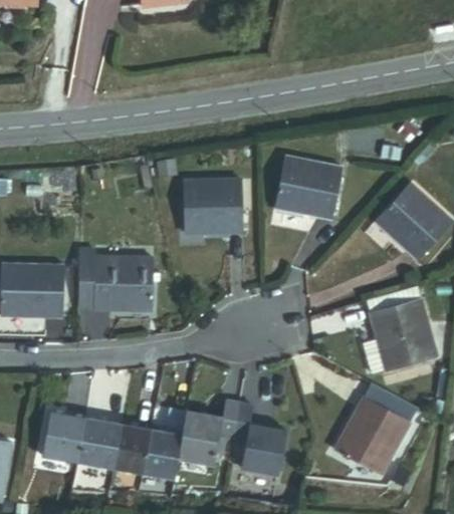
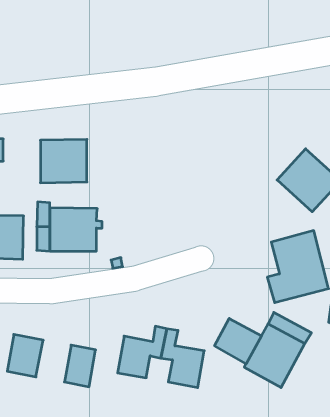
building: [276,157,342,219] -> none
building: [186,180,243,233] -> [40,139,87,183]
building: none -> [215,318,261,364]
building: [144,410,187,480] -> none
building: [78,418,122,469] -> none

